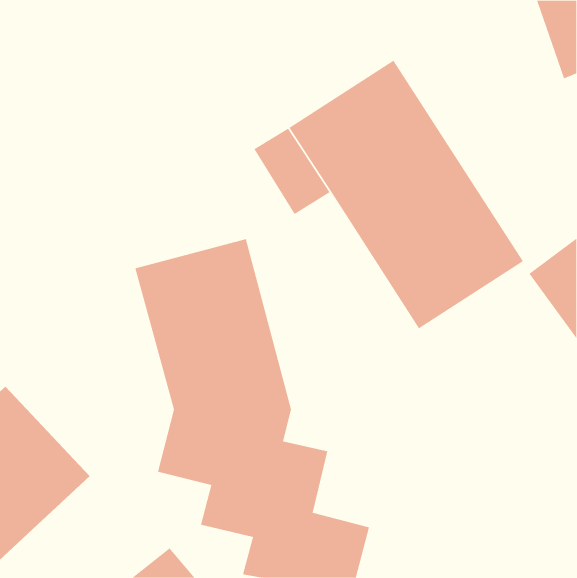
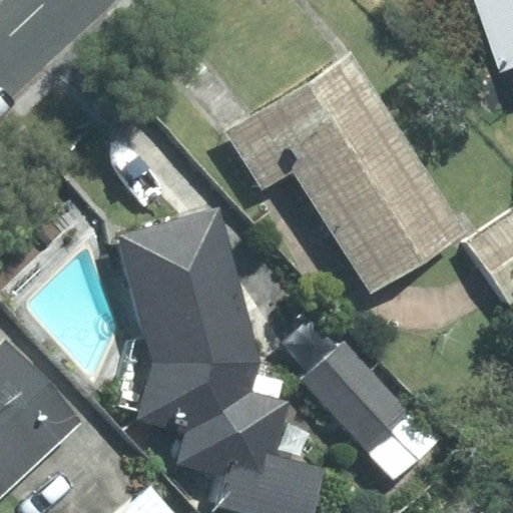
building: none -> [302,341,435,480]

